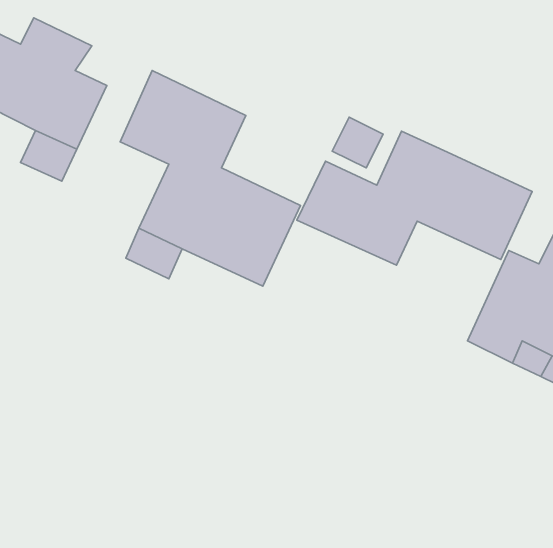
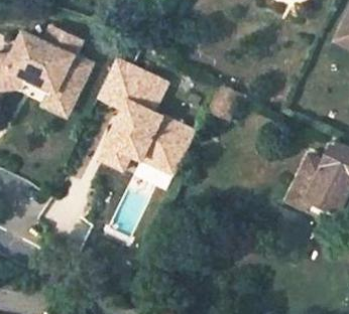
building: [297,131,532,265] -> none

